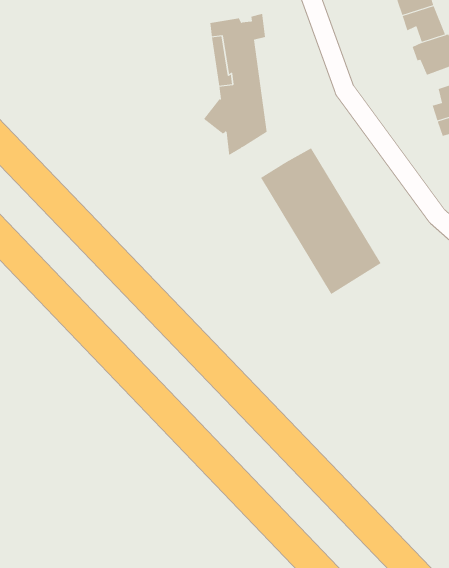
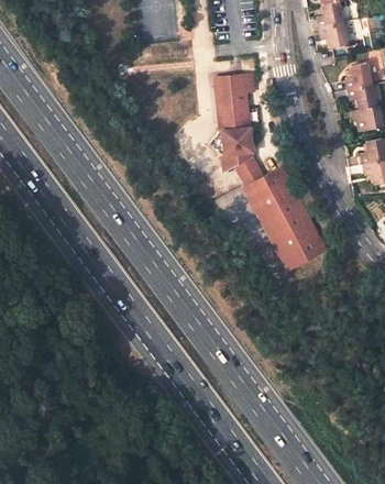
building: none -> [230,156,258,187]

